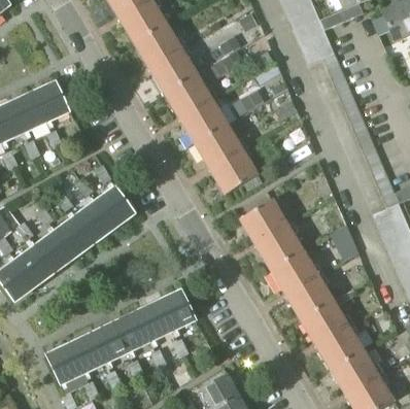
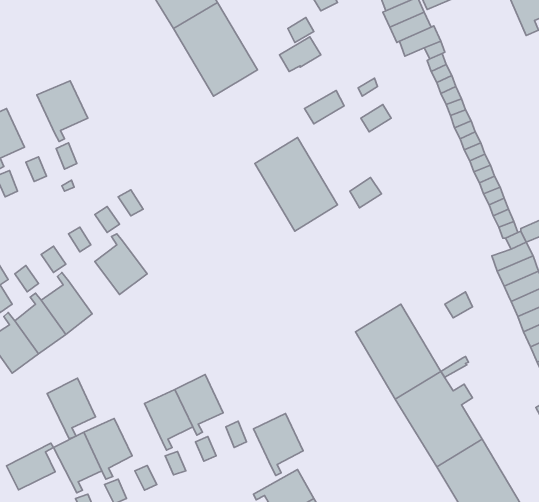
building: [164,74,227,144] -> none
building: [9,93,45,138] -> none
building: [96,181,135,227] -> none
building: [239,199,312,270] -> none
building: [56,211,94,257] -> none
building: [158,291,195,337] -> [254,414,303,476]
building: [90,323,126,369] -> [47,378,95,439]
building: none -> [6,443,55,490]

